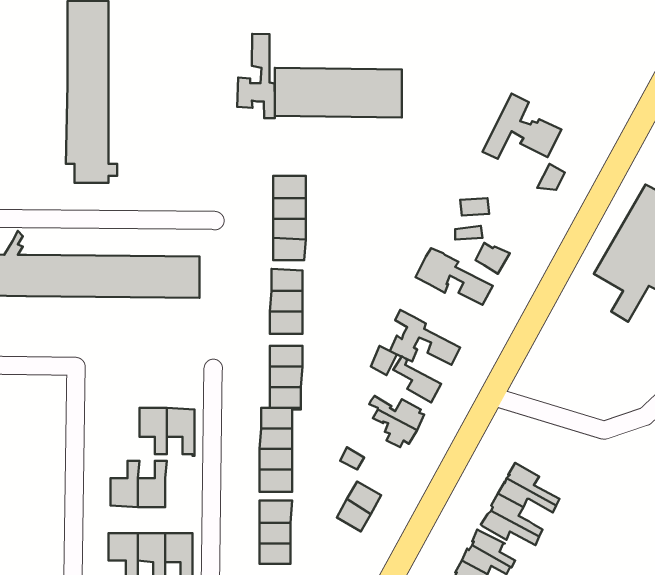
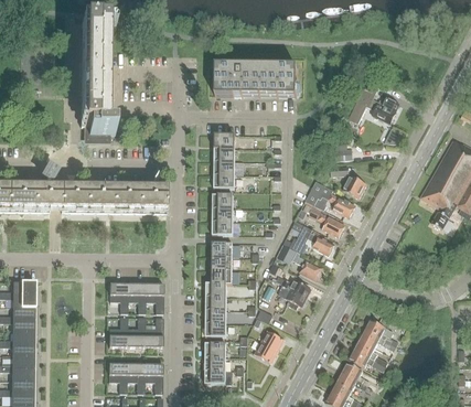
building: [237,34,275,118] -> none
building: none -> [308,204,345,236]
building: none -> [109,282,128,312]
building: none -> [144,317,163,346]

